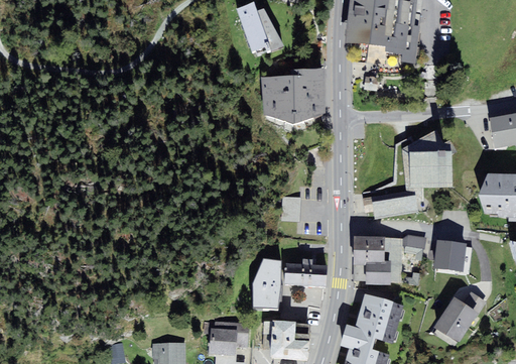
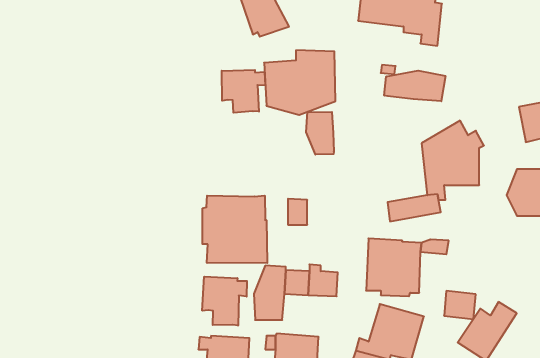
building: none -> [222,70,265,113]
building: none -> [384,71,445,101]
building: none -> [306,112,334,155]
building: none -> [202,196,267,263]
building: [435,242,464,267] -> [444,291,476,319]
building: none -> [202,277,247,326]

